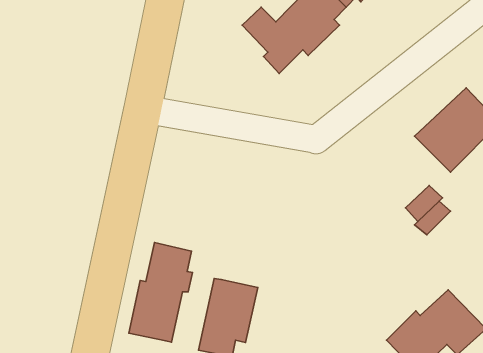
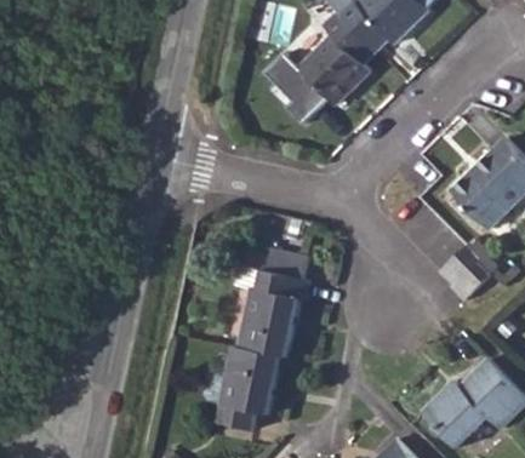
building: [129,242,193,342] -> [240,247,309,355]

